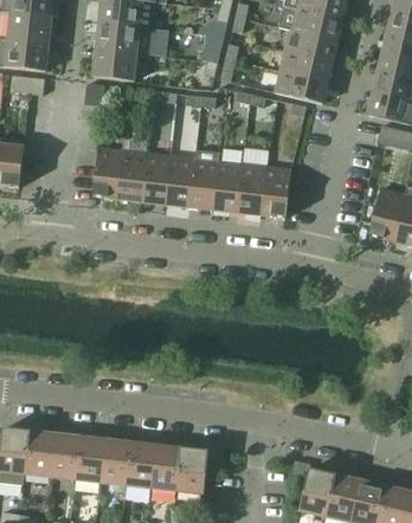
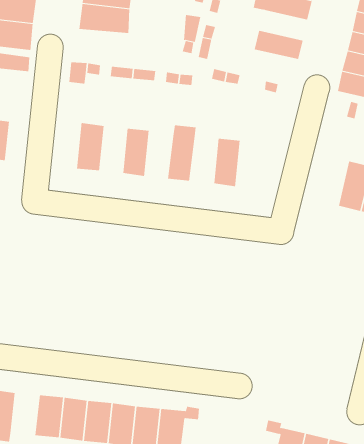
building: [284,28,336,60] -> none
building: [92,49,136,80] -> none
building: [275,70,327,103] -> none
building: [117,150,146,200] -> none
building: [165,155,194,206] -> none
building: [212,161,242,211] -> none
building: [260,166,290,217] -> none
building: [24,431,53,476] -> none

